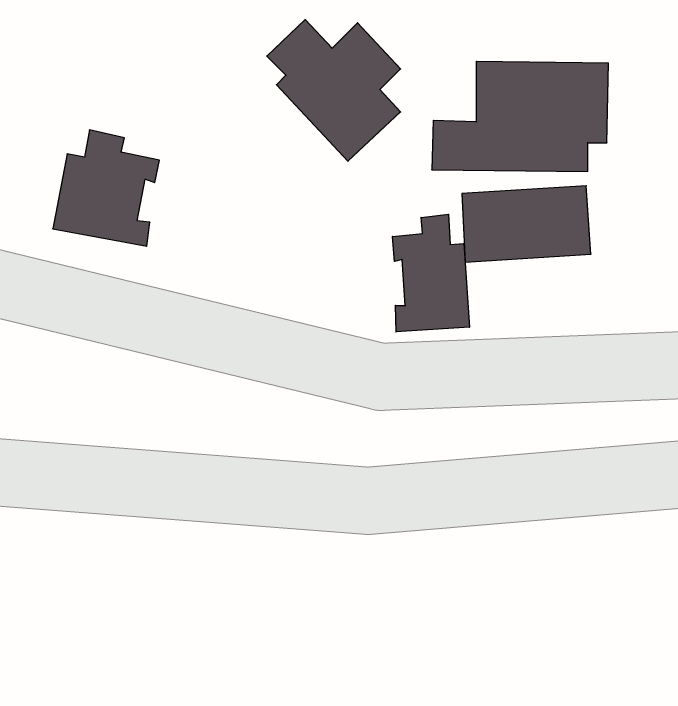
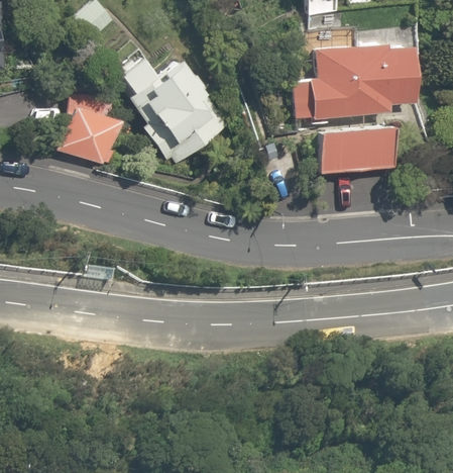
building: [267,20,401,161] -> [121,57,206,147]
building: [393,214,469,332] -> none

